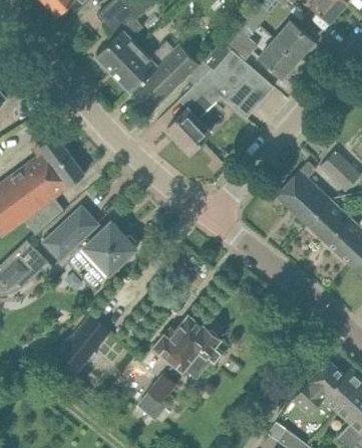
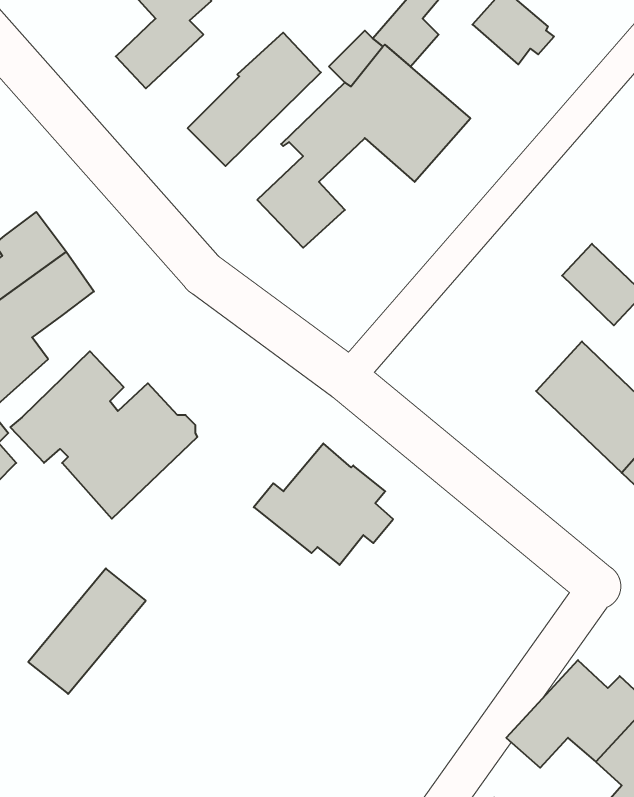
building: [110,40,179,92] -> none
building: [259,40,298,78] -> none
building: [276,162,330,225] -> none
building: [153,315,224,377] -> [254,443,393,565]
building: [139,375,175,418] -> none

